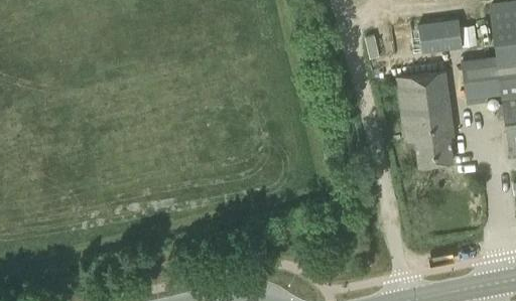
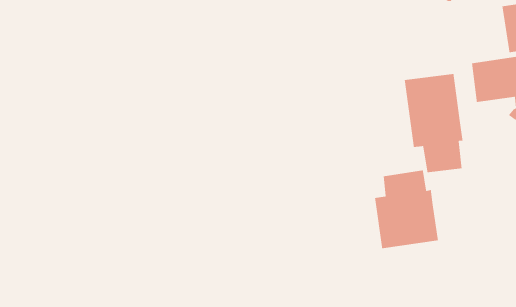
building: [418,20,463,52] -> none
building: none -> [374,170,439,249]

